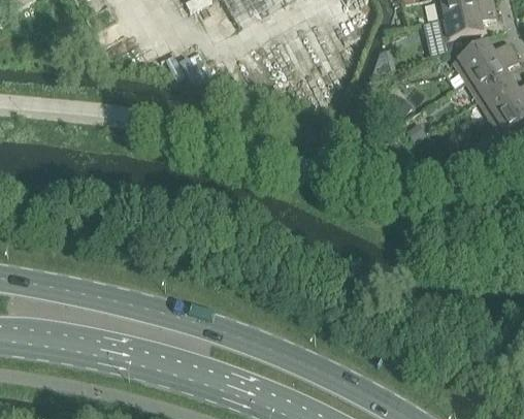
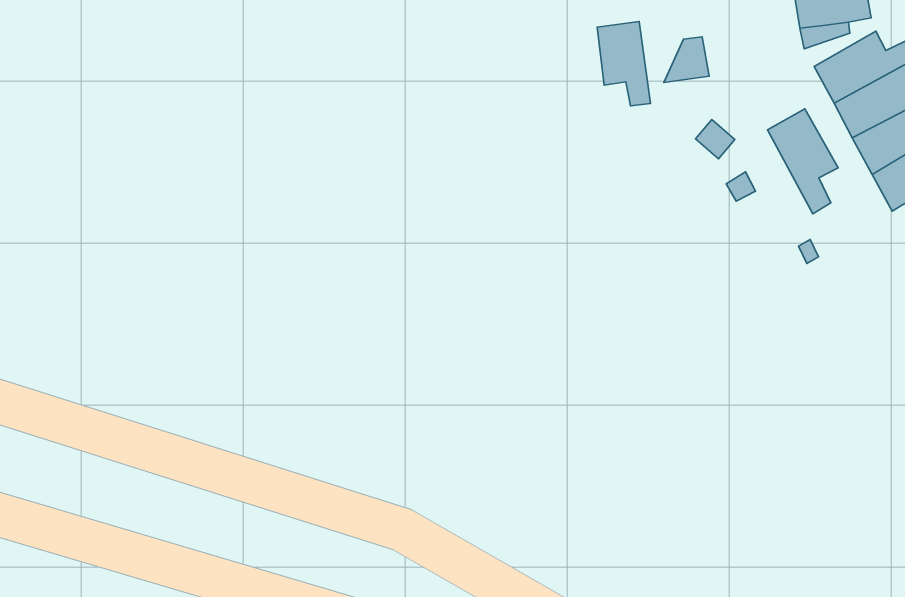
building: none -> [597,21,651,106]
building: none -> [767,109,838,214]

